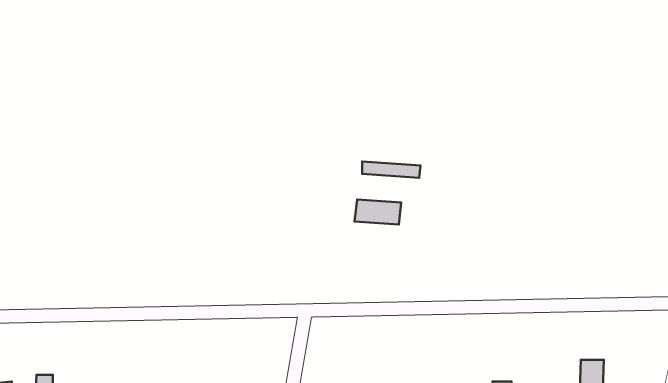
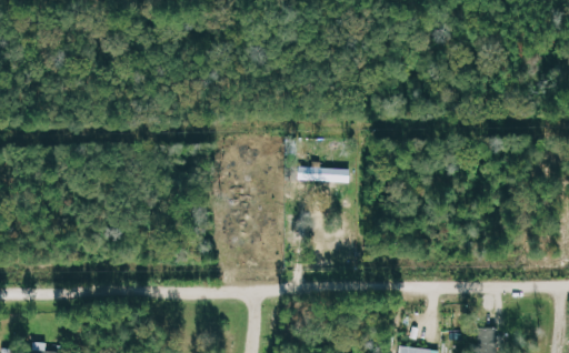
building: [355,200,401,225] -> none

